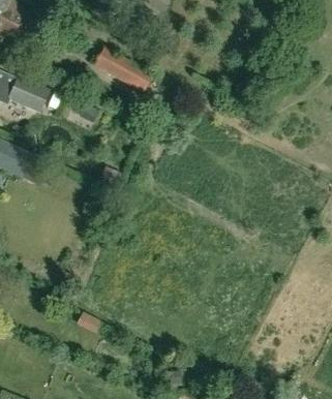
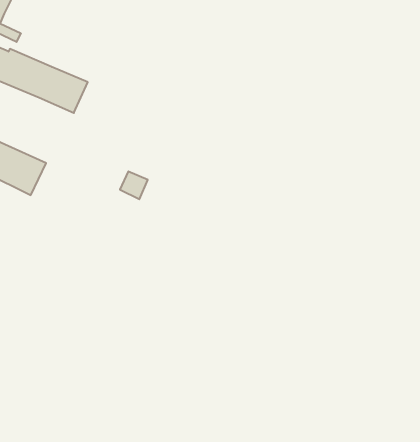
building: [92,45,152,91] -> none

